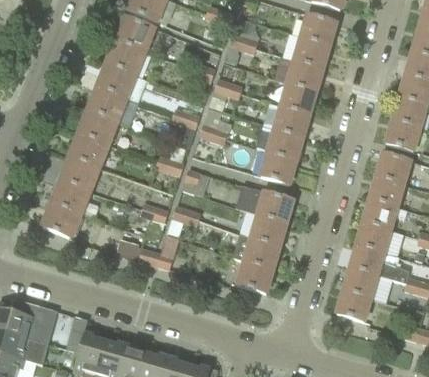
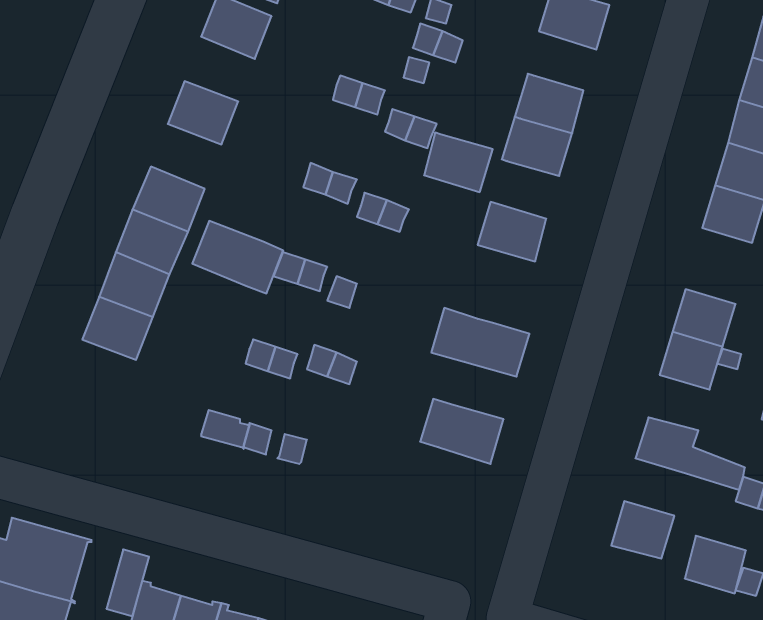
building: [292,36,329,68] -> none
building: [107,39,145,74] -> none
building: [89,86,138,125] -> [192,221,283,293]
building: [272,105,309,137] -> [424,133,493,192]
building: [258,151,296,183] -> none
building: [377,152,410,183] -> none
building: [42,202,81,237] -> none
building: [251,214,286,245] -> none
building: [357,221,390,251] -> none
building: [238,260,272,292] -> none
building: [344,266,377,297] -> [685,536,746,593]

